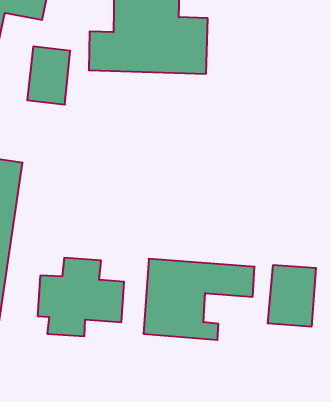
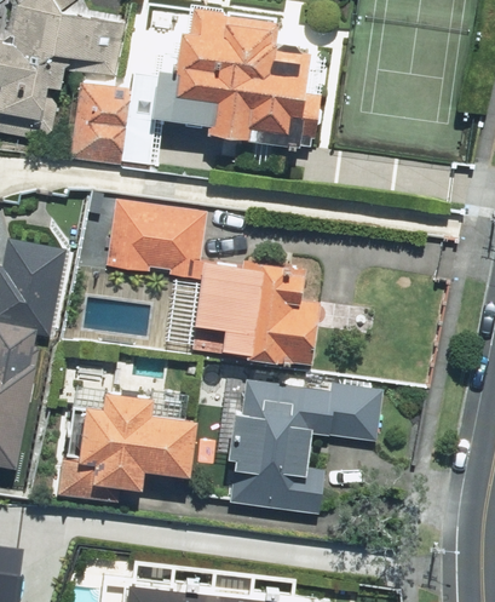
building: none -> [105,206,206,282]
building: none -> [203,252,316,367]
building: [268,265,316,327] -> none

